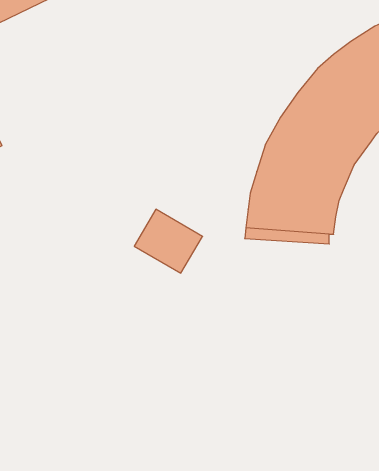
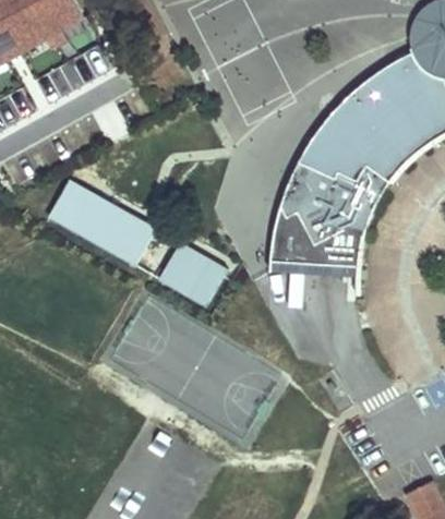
building: none -> [49,179,157,266]

